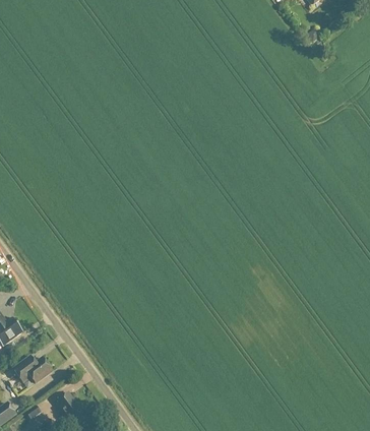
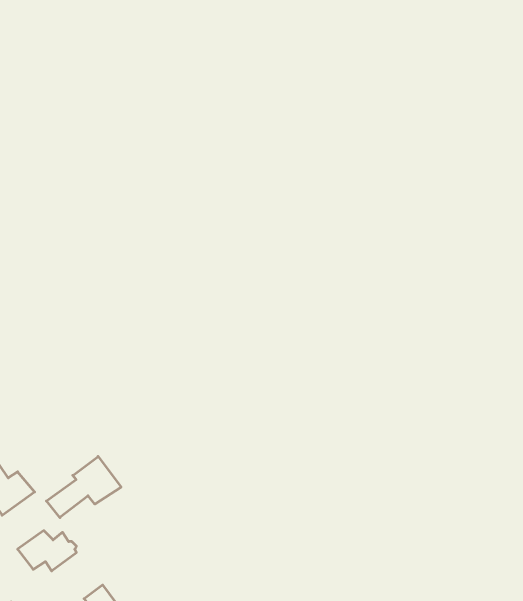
building: none -> [46,456,121,518]

